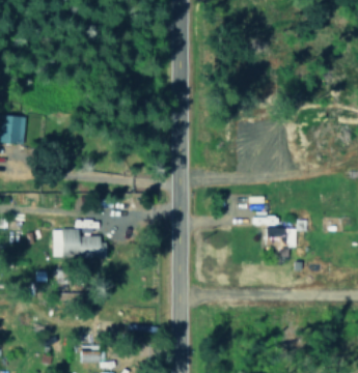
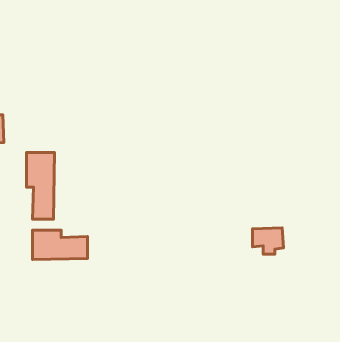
building: none -> [26,152,54,219]

